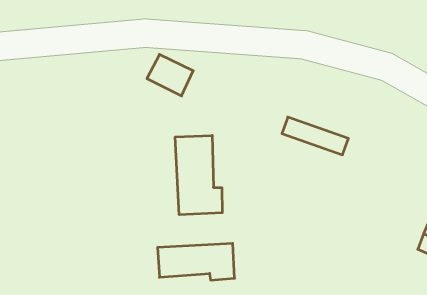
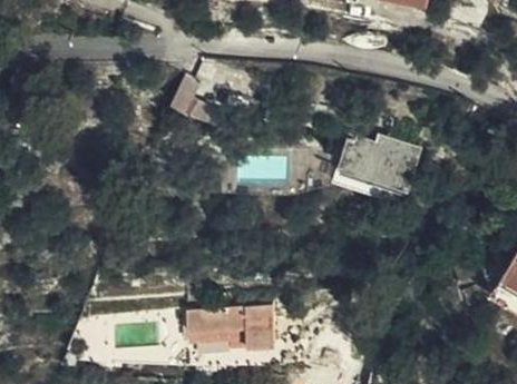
building: none -> [339,130,421,183]
building: [175,135,222,215] -> none

